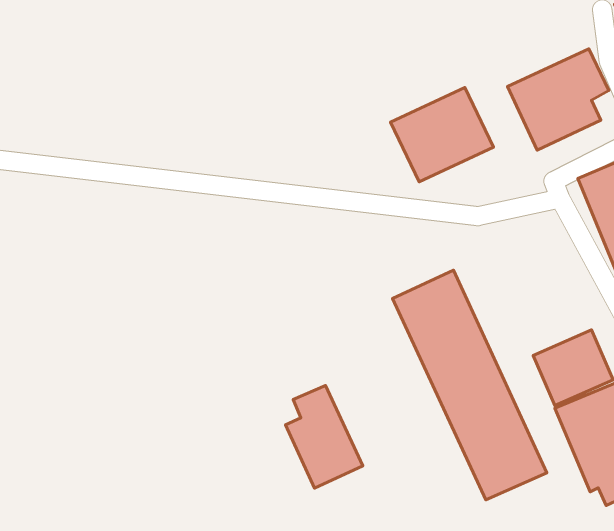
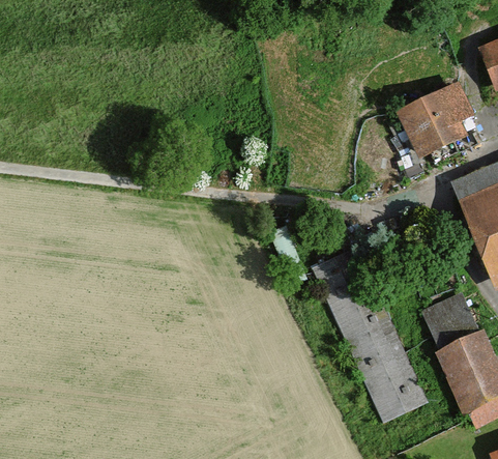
building: [391,87,493,182] -> none
building: [285,385,363,488] -> none

